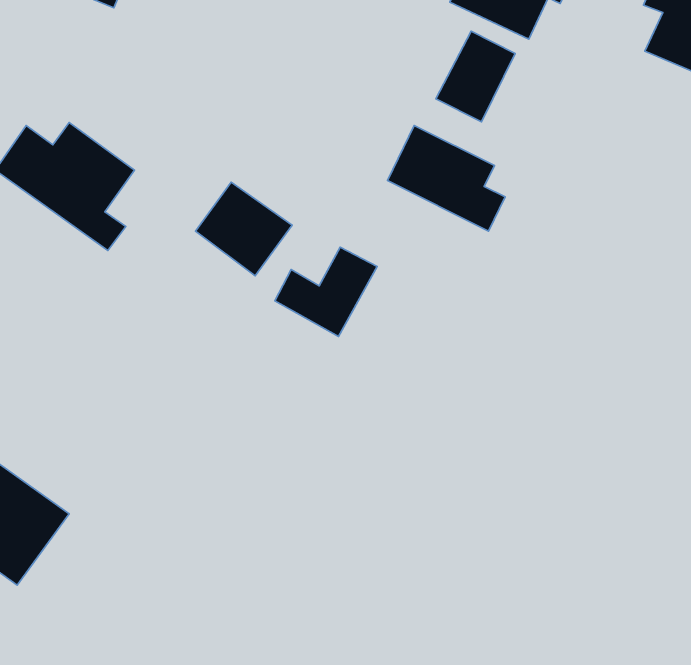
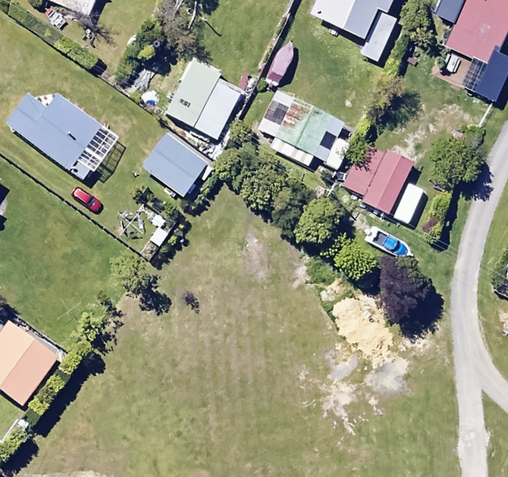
building: [436,31,515,122] -> none
building: none -> [343,140,413,209]
building: [275,247,377,337] -> [173,76,242,136]

